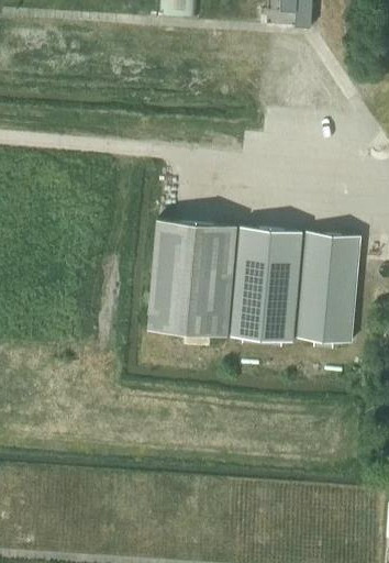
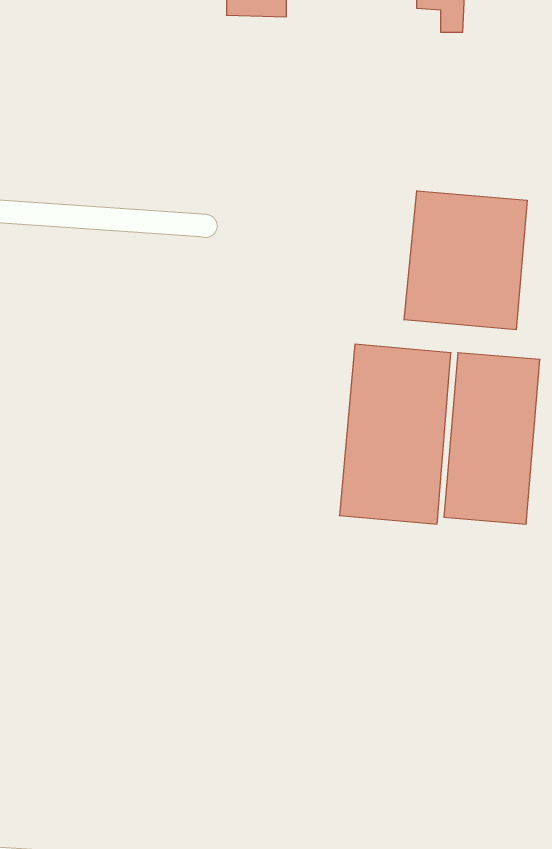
building: none -> [404,191,527,330]
building: [149,220,237,338] -> none

